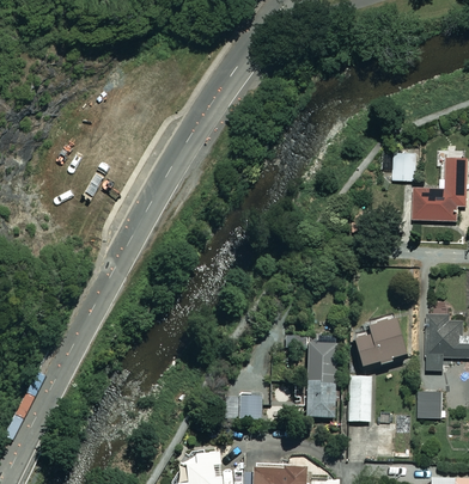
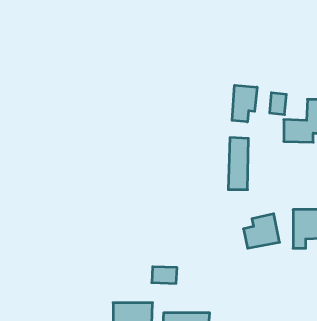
building: none -> [232,85,257,122]
building: [306,344,335,418] -> [228,138,248,190]
building: [348,376,371,422] -> none
building: [419,392,440,417] -> none

